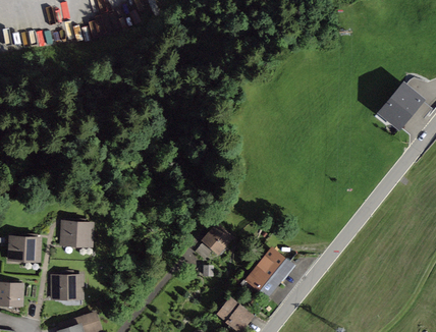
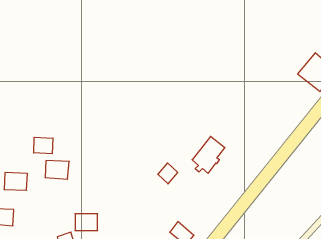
building: none -> [34,137,53,154]
building: [246,247,287,294] -> [192,136,225,173]
building: [51,275,79,296] -> [75,214,98,231]

